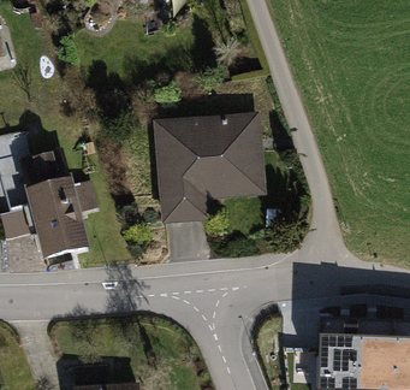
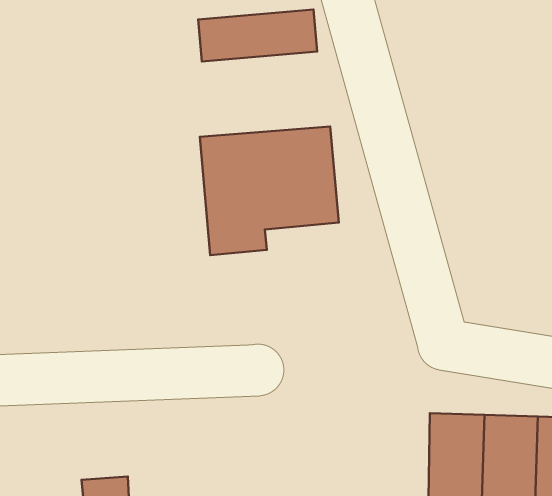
building: none -> [198,9,317,62]
building: [23,155,95,258] -> none

